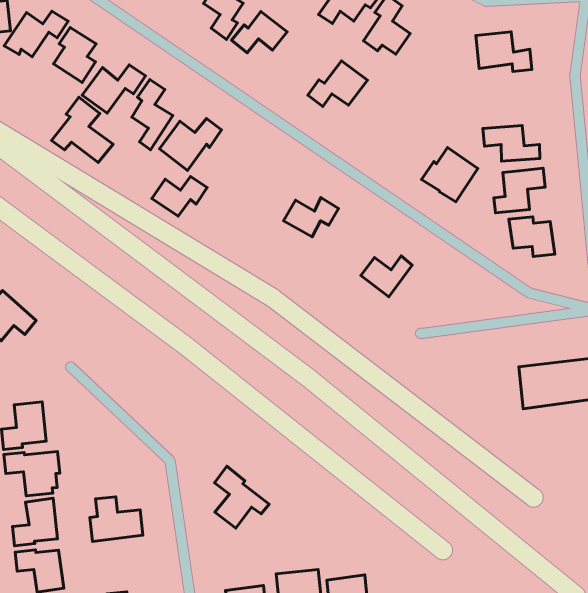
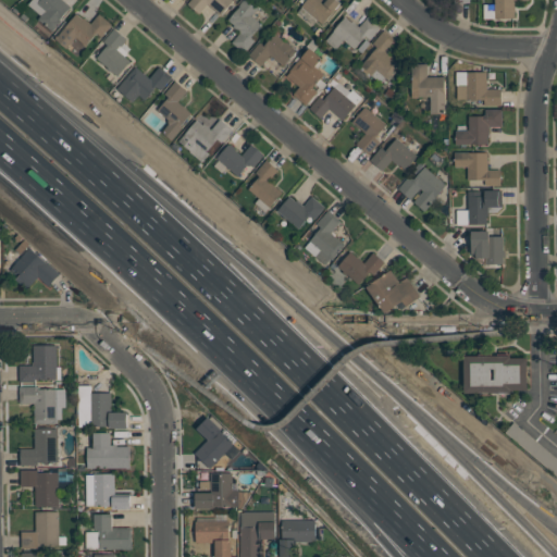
building: none -> [286,49,324,107]
building: none -> [411,64,446,114]
building: none -> [456,110,503,146]
building: none -> [352,108,387,156]
building: [51,97,113,163] -> none
building: none -> [370,138,418,172]
building: none -> [248,161,283,209]
building: [152,176,207,216] -> [216,145,264,177]
building: none -> [305,211,345,267]
building: none -> [367,271,421,314]
building: none -> [78,386,127,429]
building: none -> [195,474,238,510]
building: none -> [94,474,131,510]

